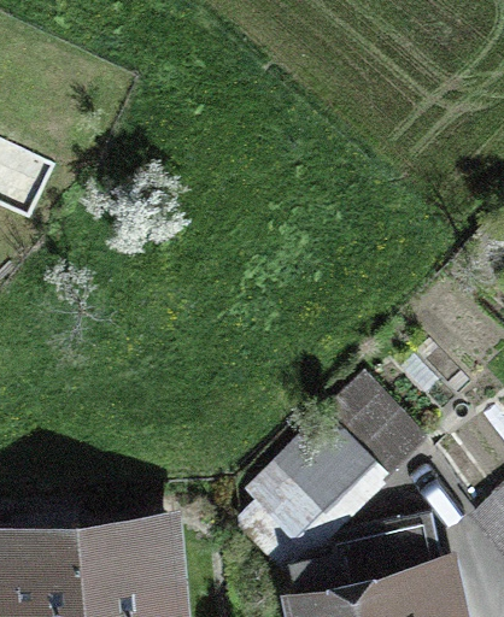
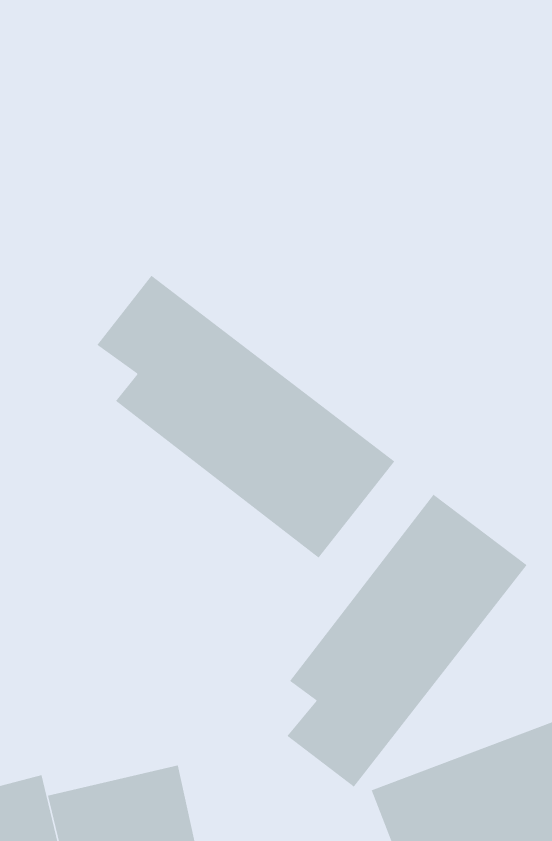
building: none -> [96,275,395,558]

